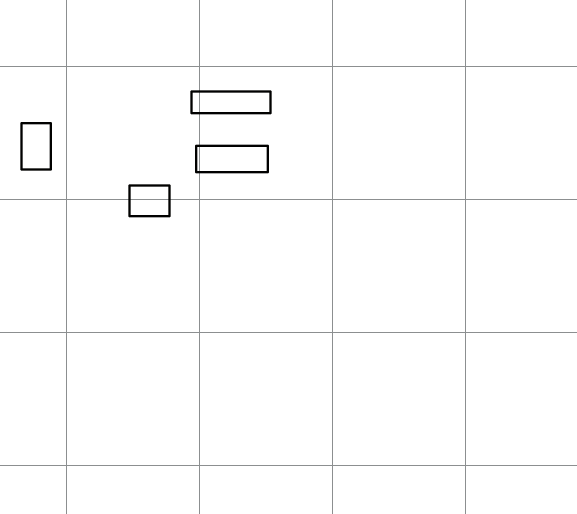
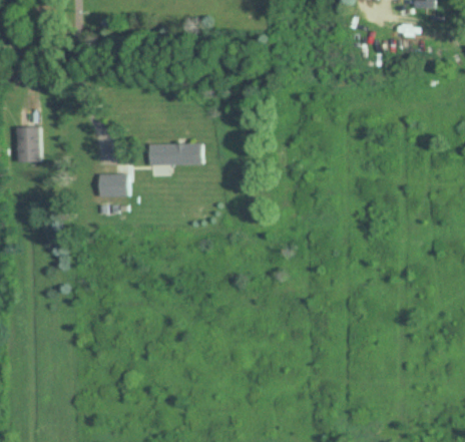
building: [192,91,271,113] -> none

